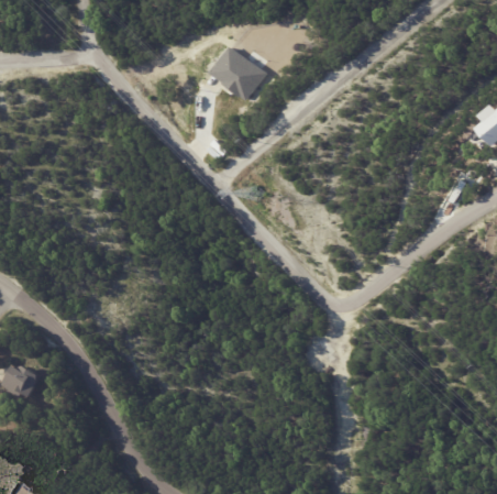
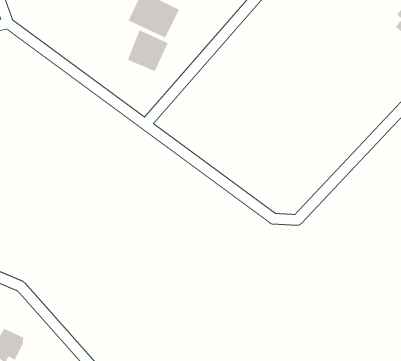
building: none -> [127,29,169,72]

